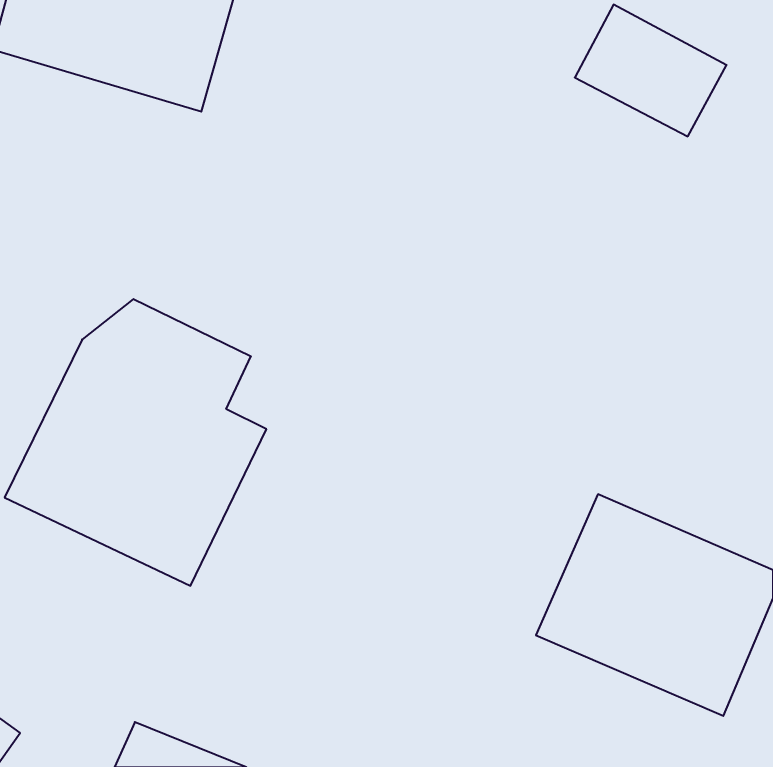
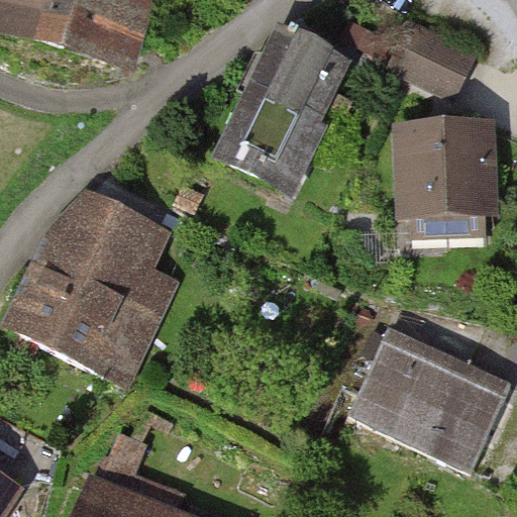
building: none -> [212,28,369,211]
building: none -> [390,117,500,232]

